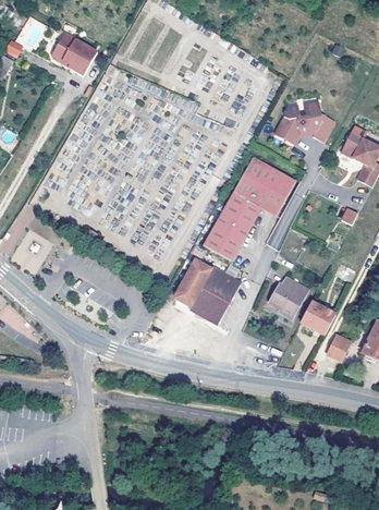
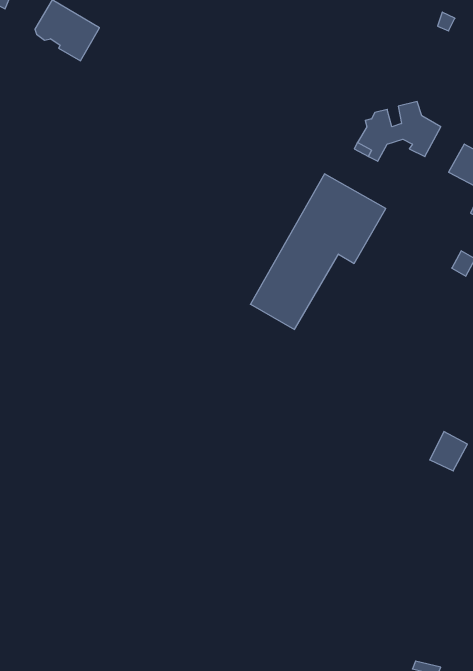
building: [174,259,240,321] -> none
building: [269,277,308,318] -> none
building: [301,300,335,335] -> none

